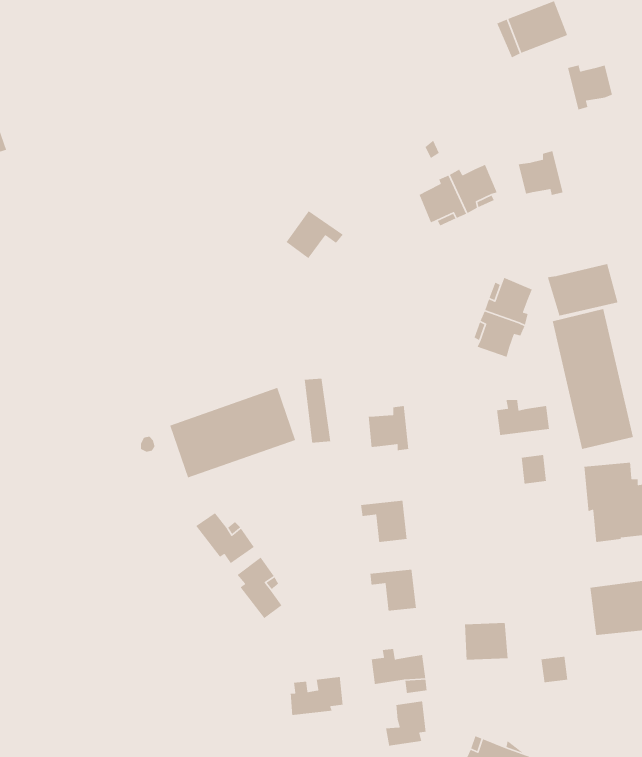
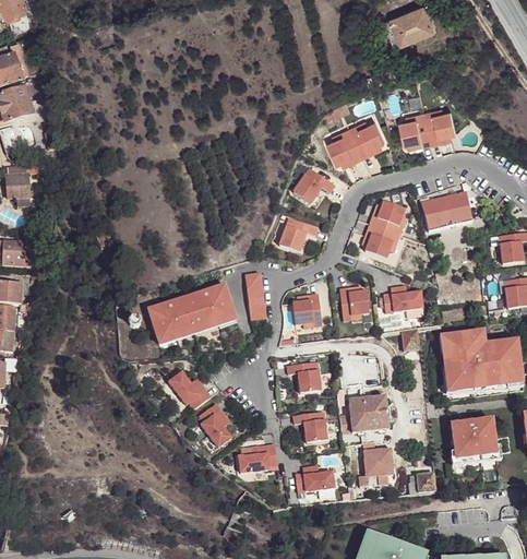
building: [567,65,613,110] -> [423,109,456,142]
building: [286,210,344,259] -> [292,167,334,202]
building: none -> [278,216,316,251]
building: [552,308,634,450] -> none
building: none -> [338,288,368,320]
building: none -> [338,395,388,432]
building: [290,676,343,716] -> [238,443,276,472]
building: [385,701,427,747] -> none

